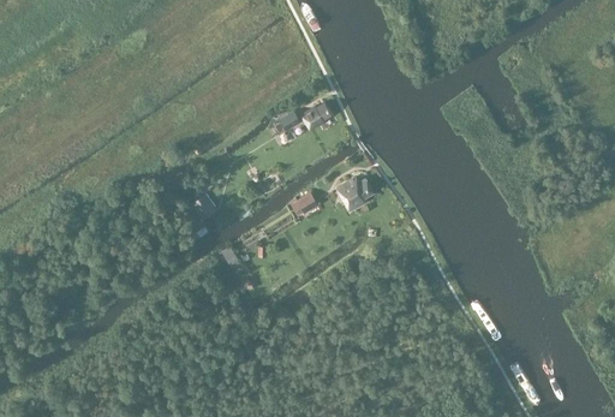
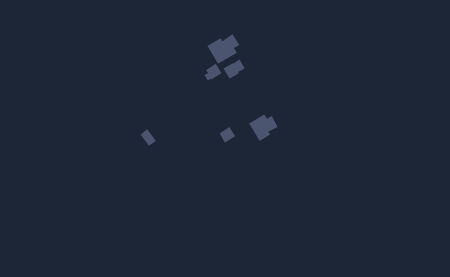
building: none -> [206,33,240,65]

